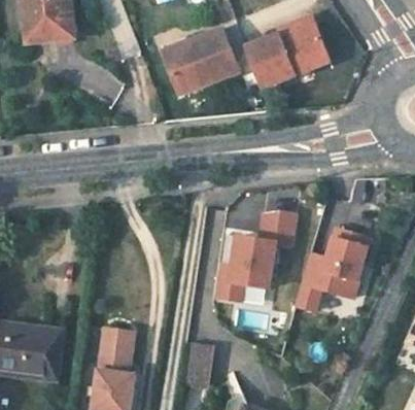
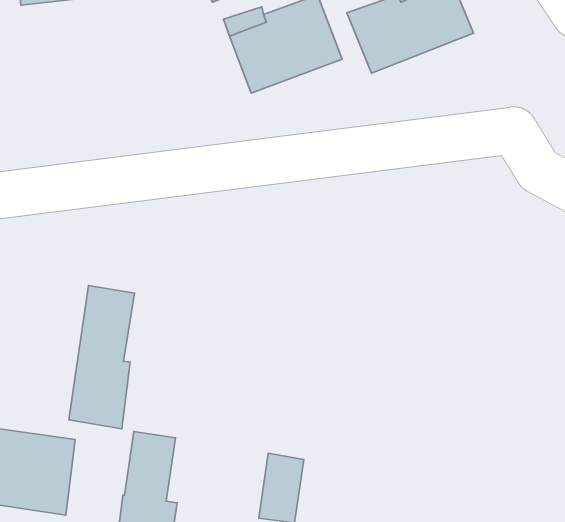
building: [218,209,295,298] -> none
building: [296,227,370,309] -> none
building: none -> [69,285,135,429]

